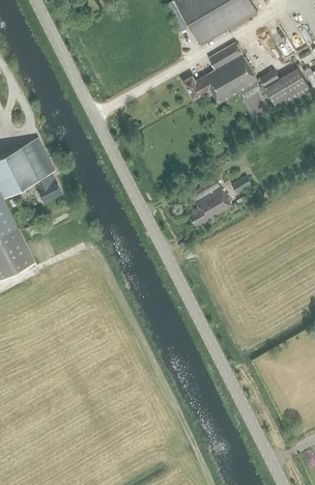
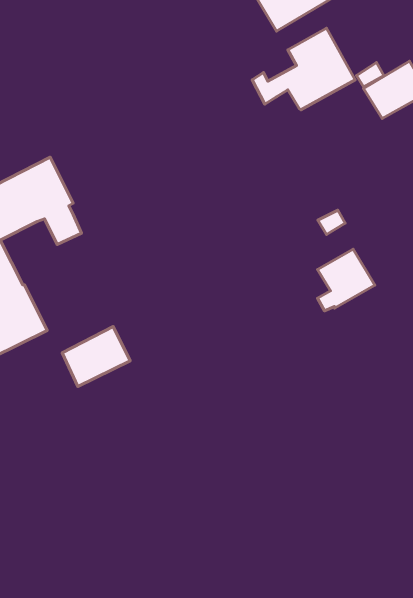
building: [190,179,231,224] -> [317,249,375,311]
building: none -> [62,326,130,386]

